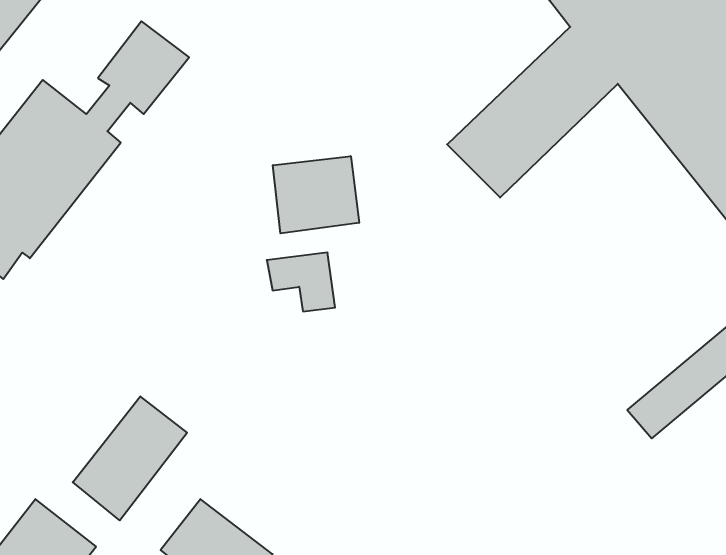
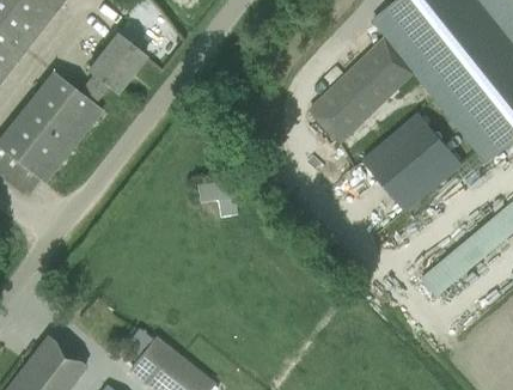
building: none -> [356,112,459,214]
building: [273,156,359,233] -> none
building: [73,396,187,520] -> none

